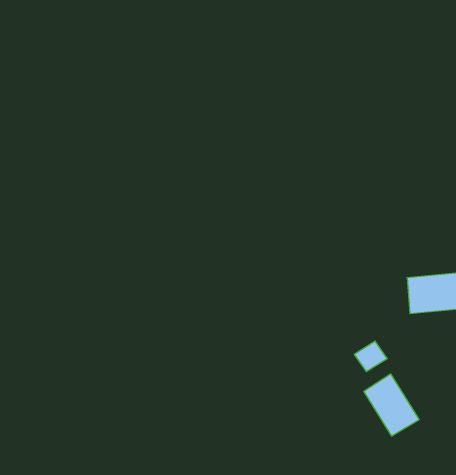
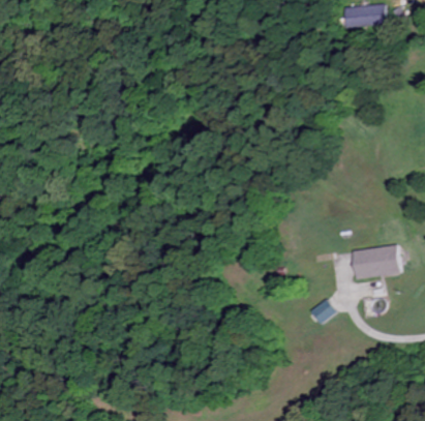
building: [364,374,419,436] -> none

